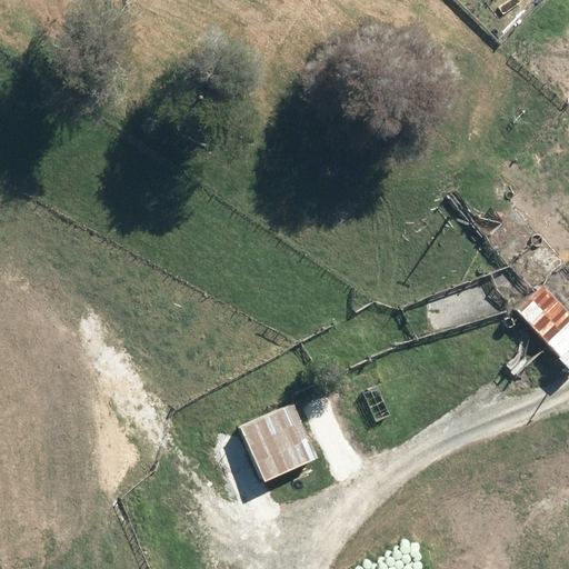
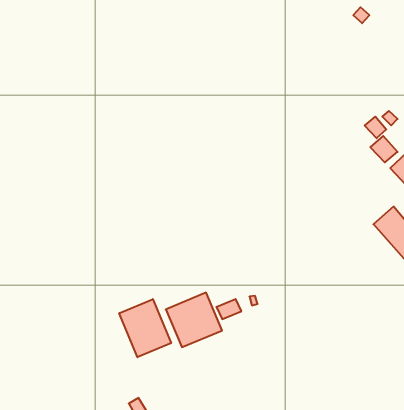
building: none -> [119,299,171,357]

